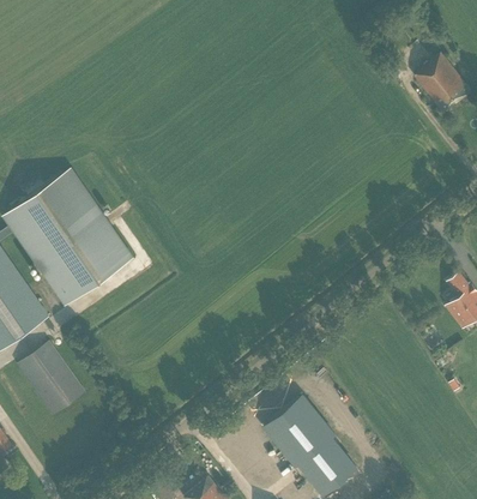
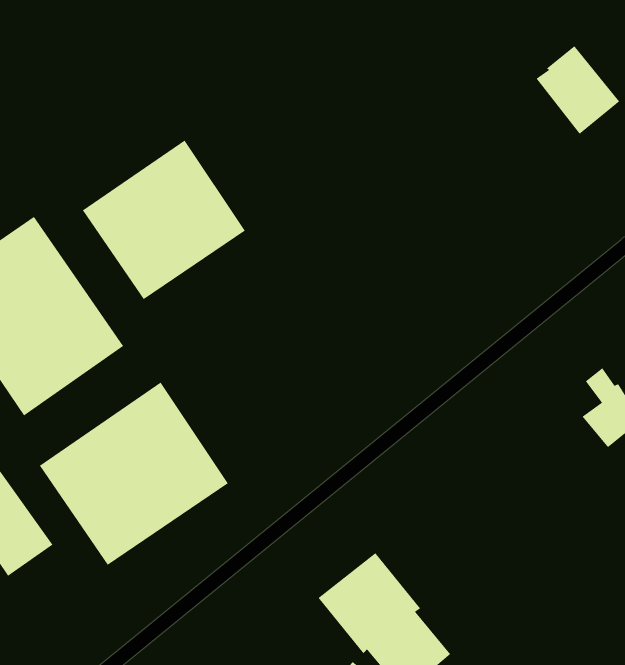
building: none -> [82,139,246,300]
building: none -> [39,381,229,566]

